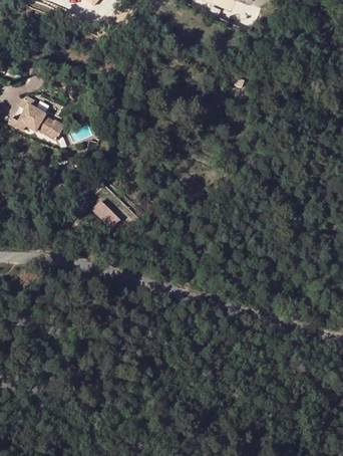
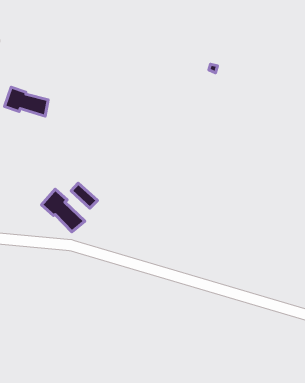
building: none -> [42,189,85,232]

